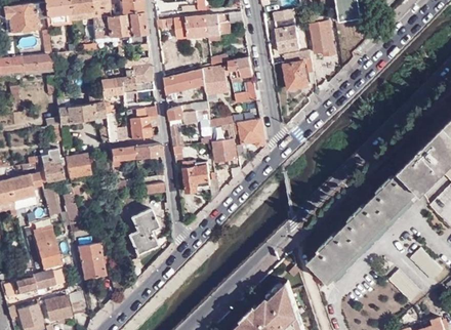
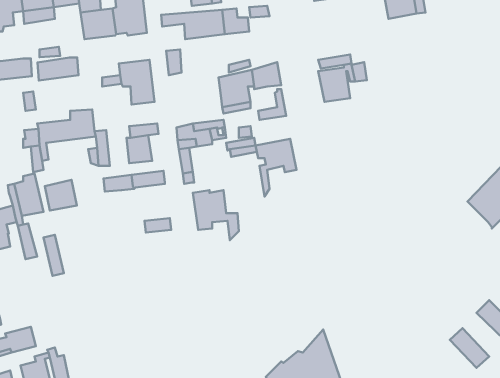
building: [275,17,299,52] -> none
building: [309,17,334,56] -> none
building: [164,70,205,101] -> none
building: [100,77,133,95] -> [38,57,78,80]
building: [213,137,236,162] -> none
building: [310,169,422,283] -> none
building: [127,207,157,252] -> none
building: [33,219,60,272] -> none
building: [77,241,105,278] -> none

